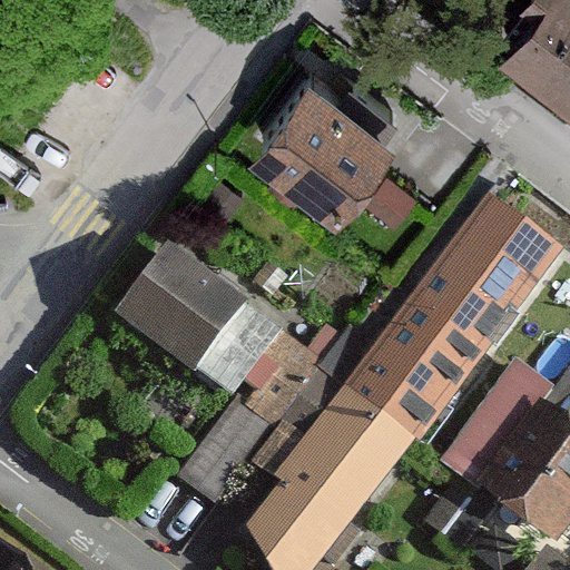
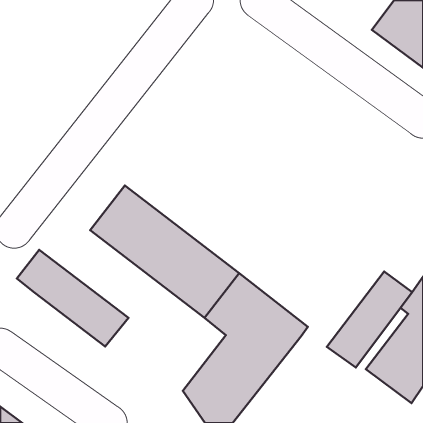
building: [250,72,394,198] -> none
building: [322,200,558,440] -> none
building: none -> [17,250,129,347]

